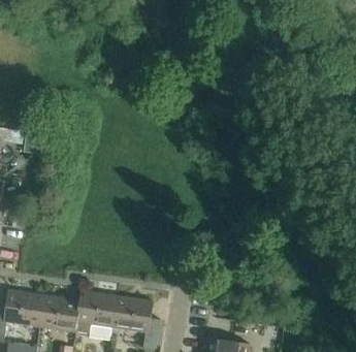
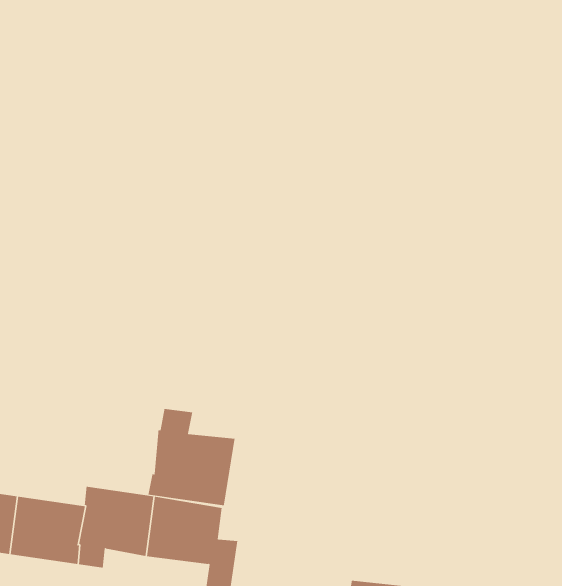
building: none -> [148,408,235,506]

